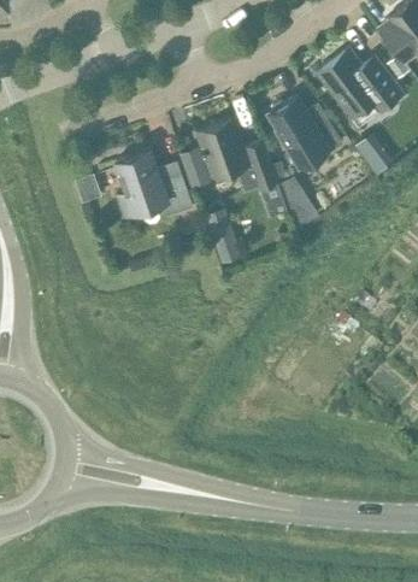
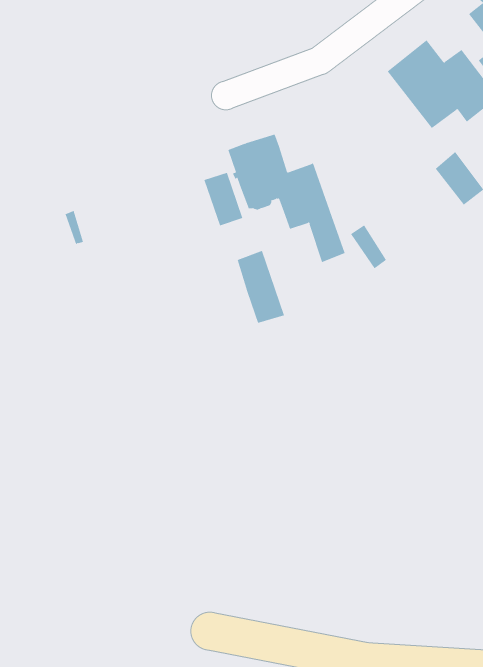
building: [267,96,341,169] -> none
building: [116,149,190,216] -> none

